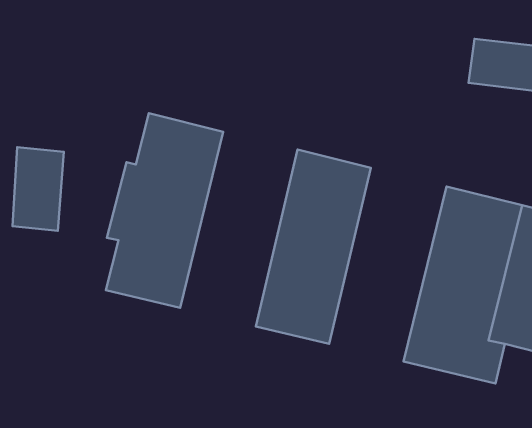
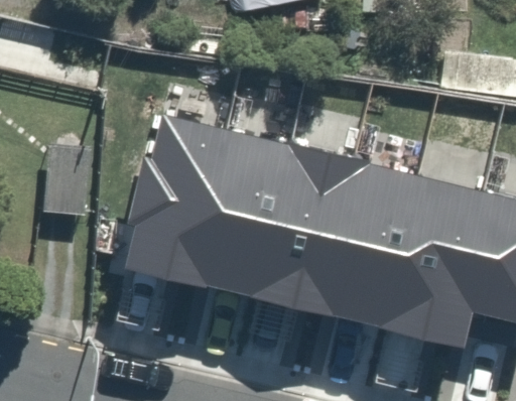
building: none -> [190,130,292,298]
building: none -> [319,161,421,328]

